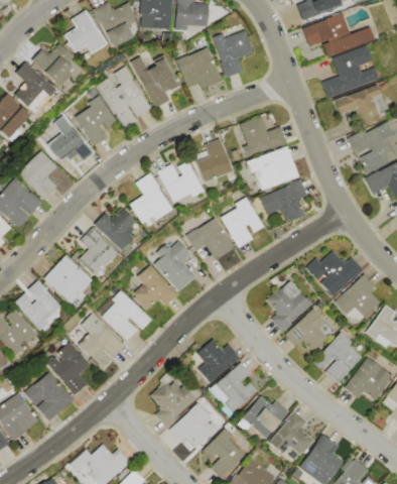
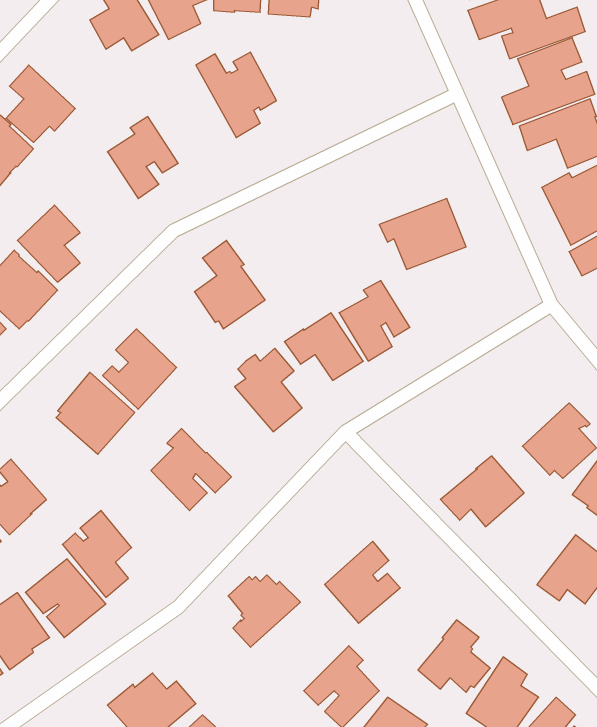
building: [213,30,253,78] -> none
building: [31,42,74,87] -> none
building: [176,47,221,89] -> none
building: [98,66,152,129] -> none
building: [240,115,286,157] -> none
building: [46,121,94,163] -> none
building: [192,138,233,183] -> none
building: [156,161,204,203] -> none
building: [260,178,308,223] -> none
building: [94,207,136,251] -> none
building: [305,251,364,297] -> none
building: [133,265,178,311] -> none
building: [13,280,60,331] -> none
building: [265,281,311,333] -> none
building: [77,313,125,370] -> none
building: [312,332,362,383] -> none
building: [195,339,240,385] -> none
building: [237,394,289,439] -> none
building: [168,402,217,447] -> none

